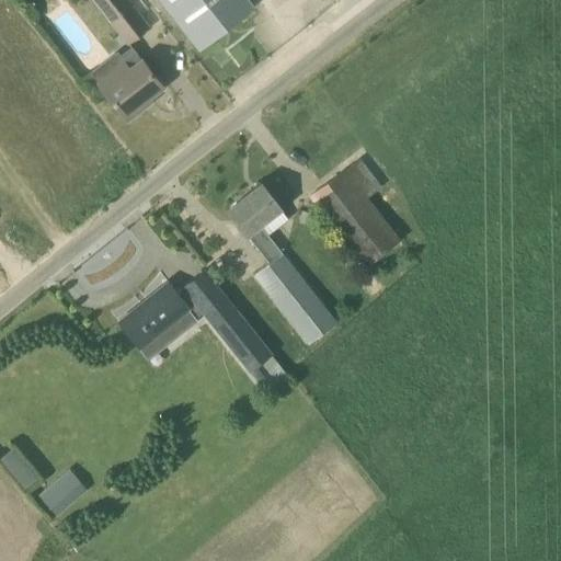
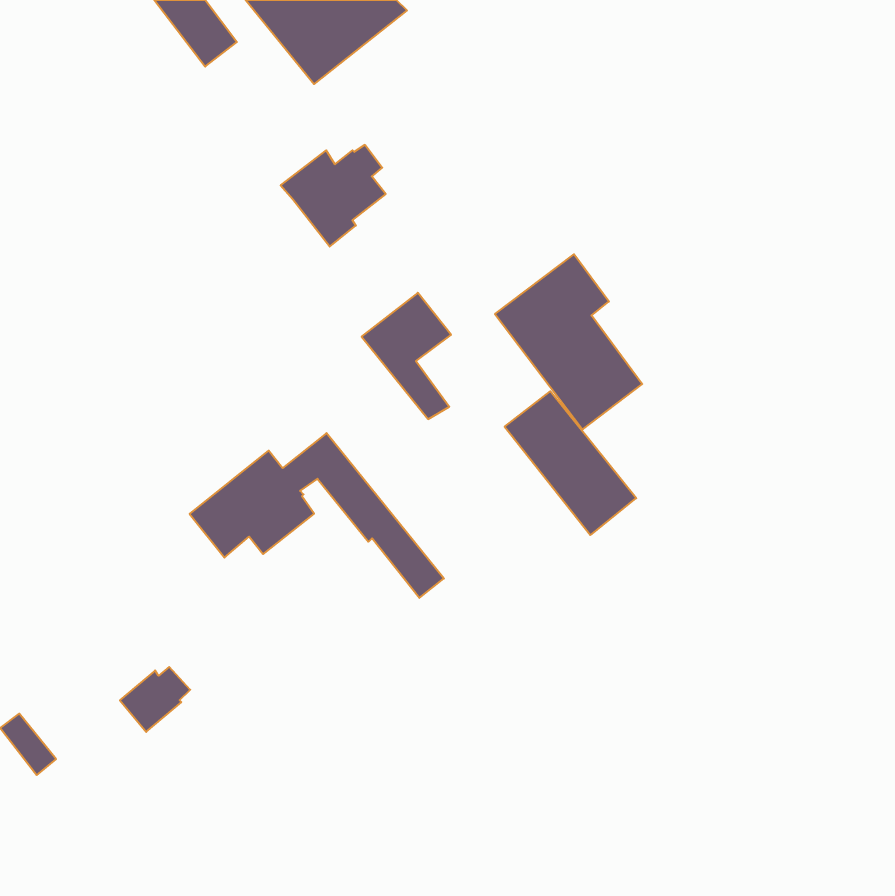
building: [98,56,163,119] -> [281,145,386,247]
building: [255,254,337,344] -> [505,391,636,535]
building: [39,473,83,514] -> [120,667,190,732]

